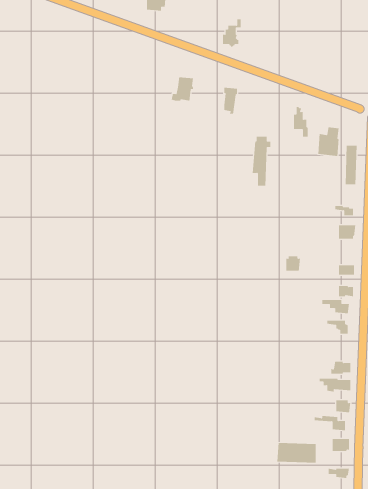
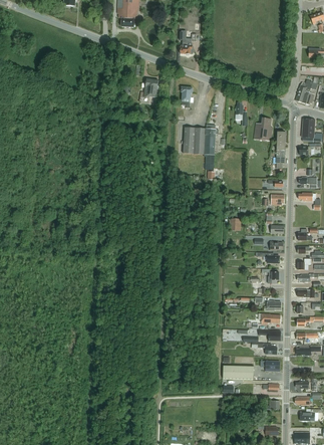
building: none -> [182,128,206,154]

